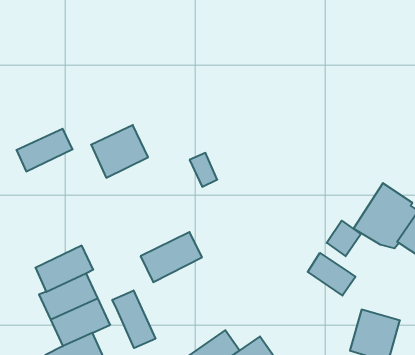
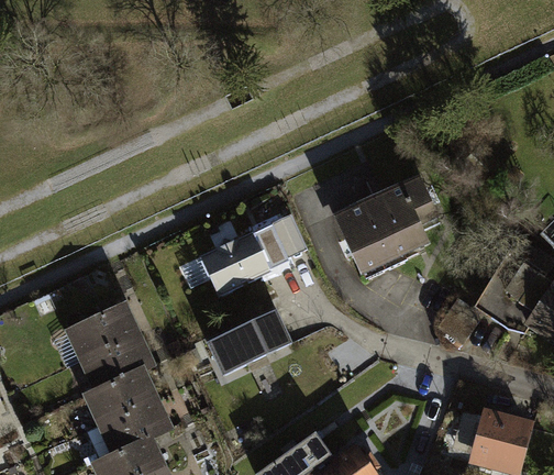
building: none -> [328,179,432,275]
building: [91,125,148,178] -> [197,232,267,297]
building: [16,129,73,171] -> [69,305,138,357]
building: [308,253,355,296] -> none
building: [112,290,155,348] -> none

